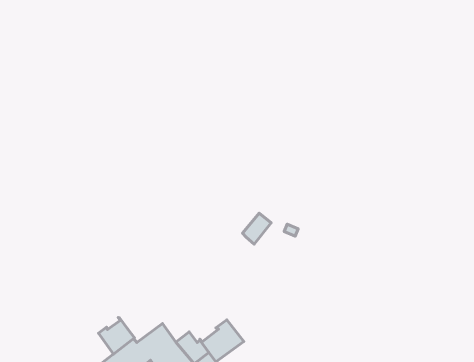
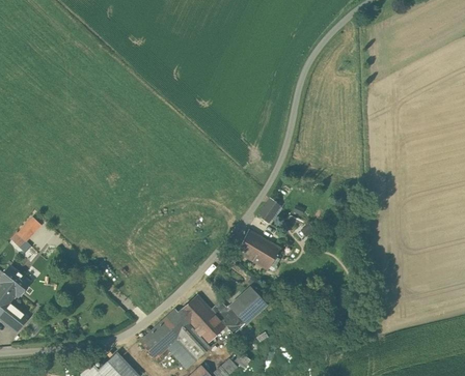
building: none -> [237,230,281,269]
building: [98,318,134,354] -> none

